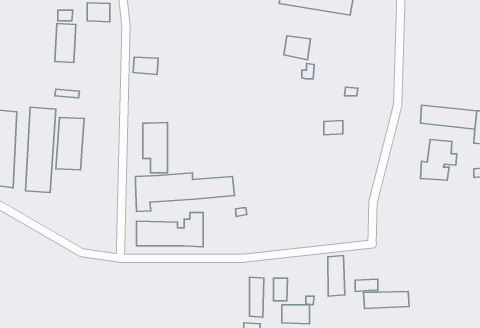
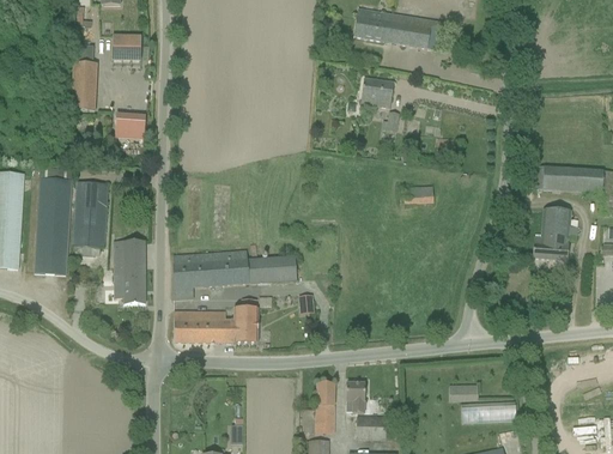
building: [133,57,158,74] -> [114,115,145,137]
building: [143,122,168,173] -> [114,240,145,303]
building: [328,255,345,296] -> none

